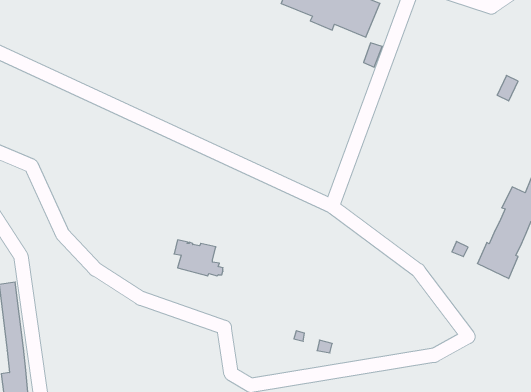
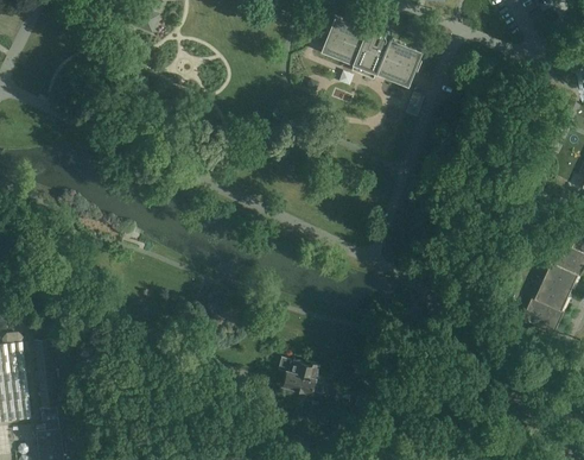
building: [174,240,223,276] -> [277,357,326,393]

